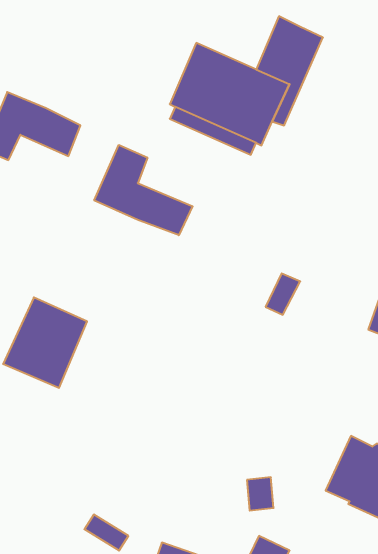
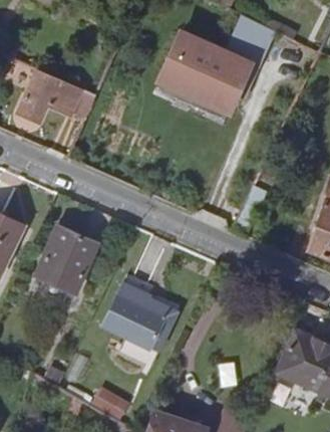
building: [94,145,193,235] -> none
building: none -> [102,273,177,353]

